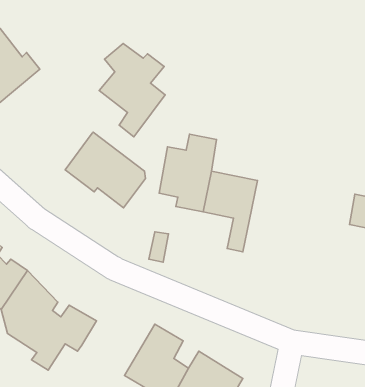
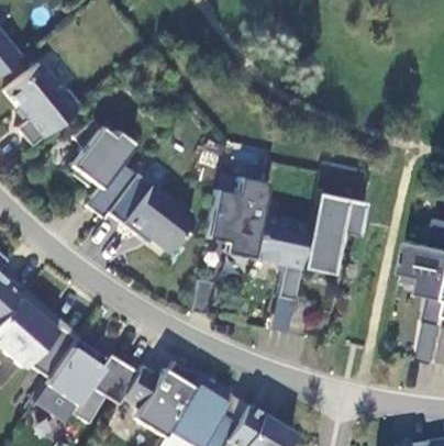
building: [99,43,165,137] -> [65,122,134,220]
building: none -> [299,193,363,275]
building: none -> [123,360,200,436]

